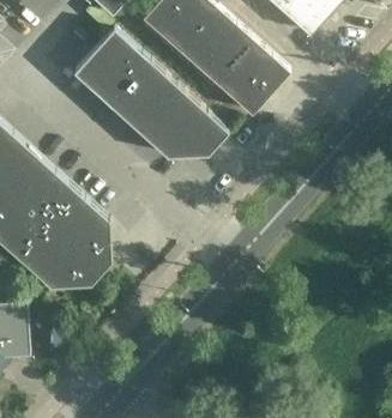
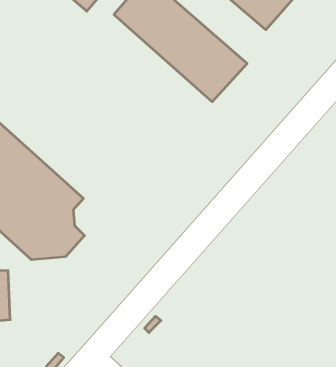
building: [73,28,229,157] -> none

